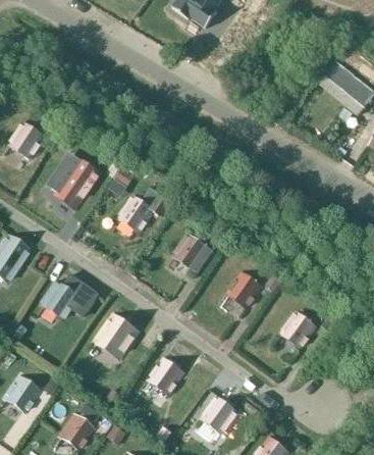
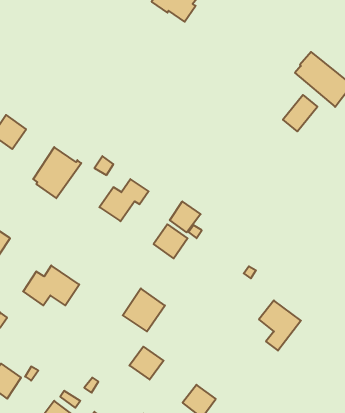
building: none -> [283,95,317,131]
building: none -> [170,201,201,232]
building: [228,272,263,307] -> none
building: [95,314,138,358] -> [123,288,165,331]

